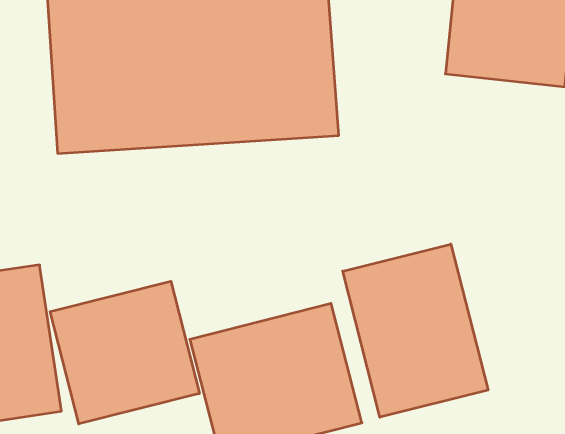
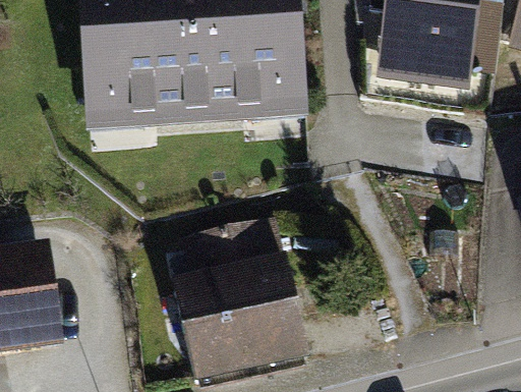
building: [343,244,488,417] -> none
building: [50,281,199,424] -> none

